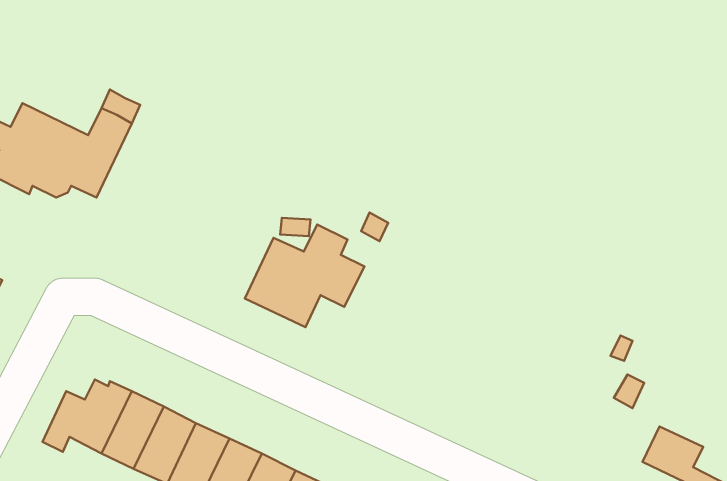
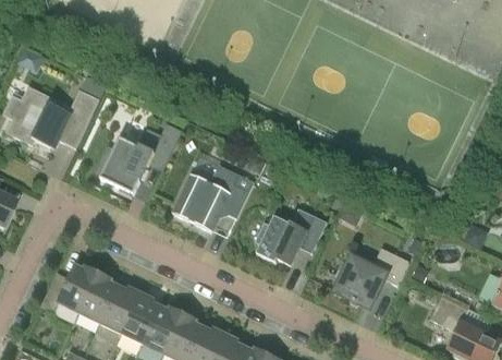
building: none -> [97,124,181,197]
building: none -> [255,209,327,264]
building: none -> [334,248,408,308]

